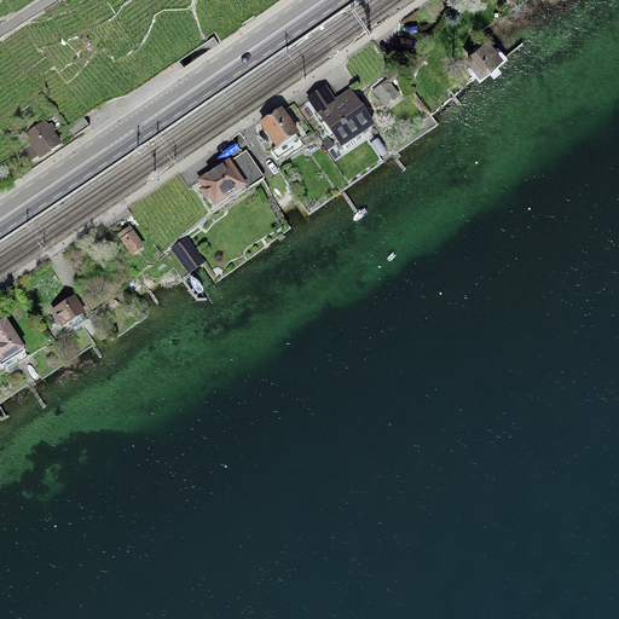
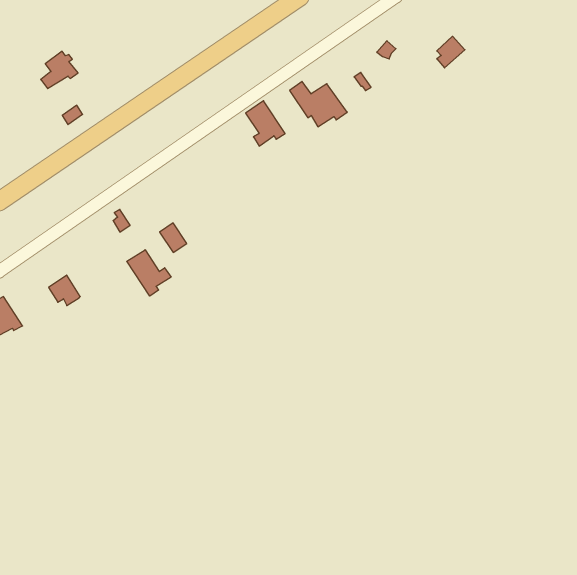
building: [19,118,59,158] -> [41,51,78,89]
building: [199,149,261,207] -> none
building: none -> [127,250,171,296]

